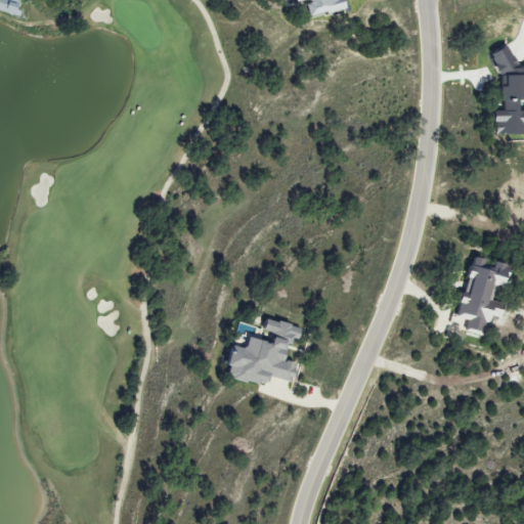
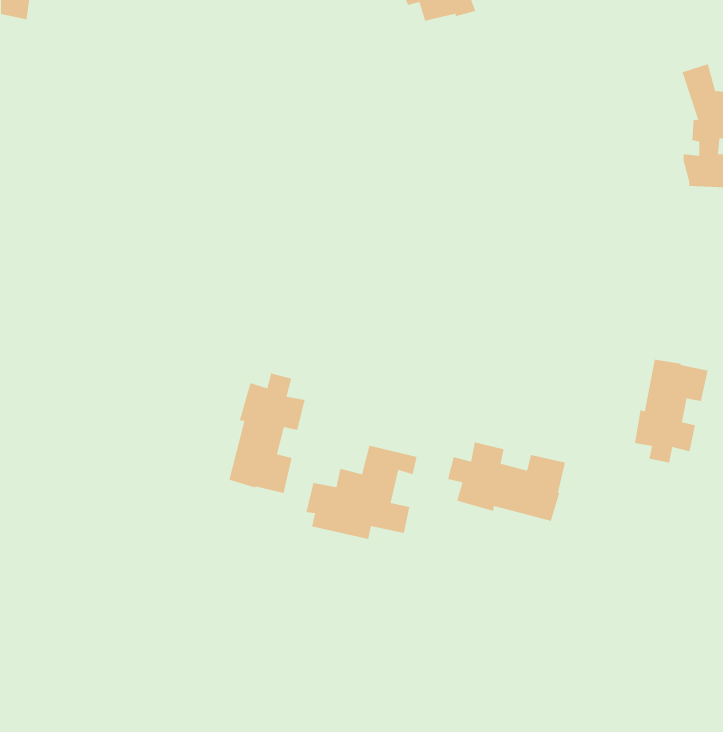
building: none -> [228,373,305,494]
building: none -> [447,442,566,522]

